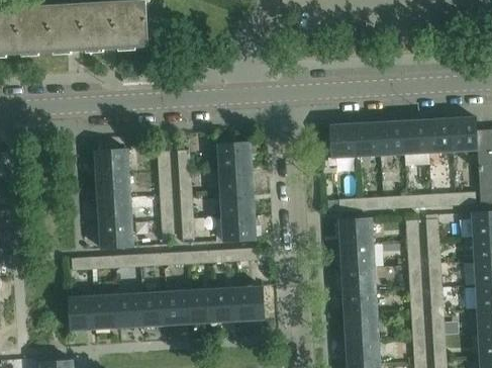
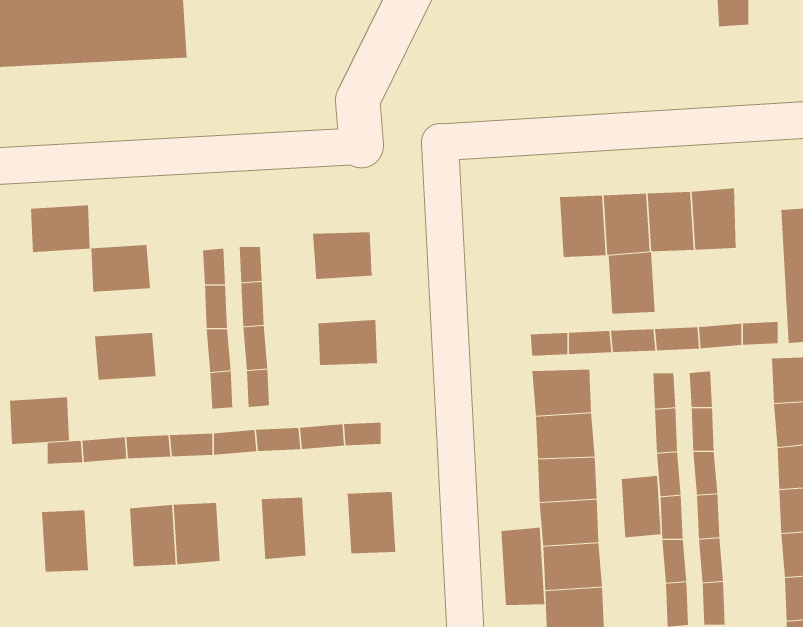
building: [451,117,476,152] -> none
building: [329,123,356,158] -> [608,252,655,314]
building: [219,167,253,193] -> none
building: [96,174,129,200] -> [30,205,91,252]
building: [221,215,255,242] -> none
building: [99,222,132,249] -> [9,397,70,444]
building: none -> [621,475,661,538]
building: [212,287,238,321] -> none
building: [165,290,191,325] -> none
building: [92,295,118,330] -> none
building: none -> [501,527,545,606]

